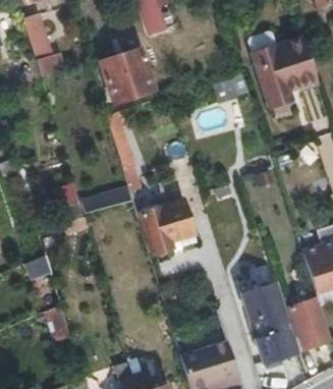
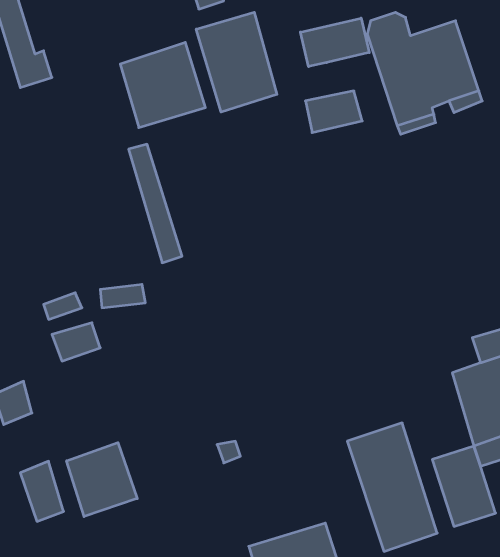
building: none -> [196,12,277,112]
building: none -> [300,18,369,67]
building: [128,179,192,249] -> none
building: none -> [67,443,137,517]

